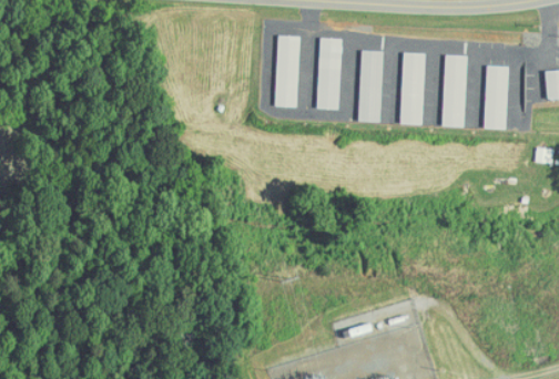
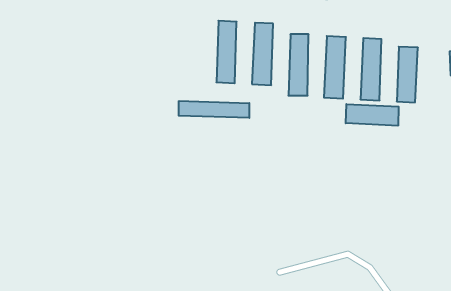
building: none -> [179,101,249,118]
building: none -> [346,104,399,126]

